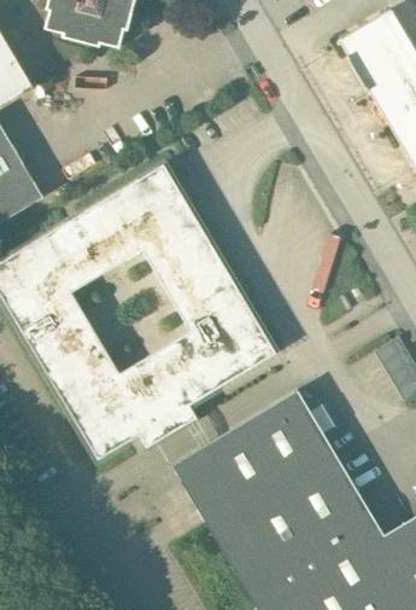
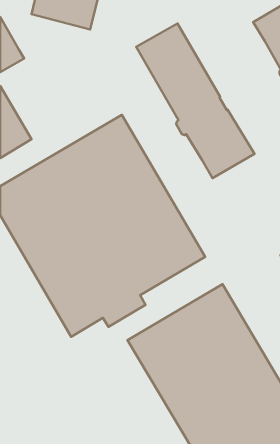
building: none -> [136,23,254,178]

